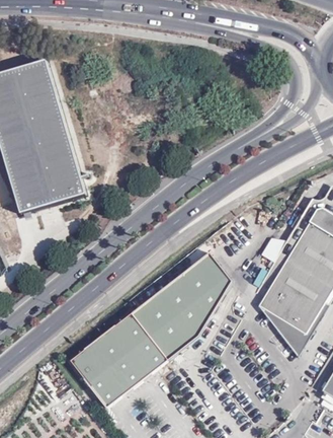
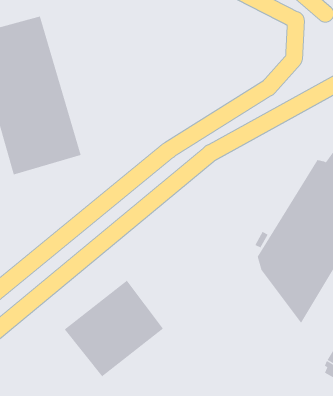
building: [130,252,228,360] -> none

